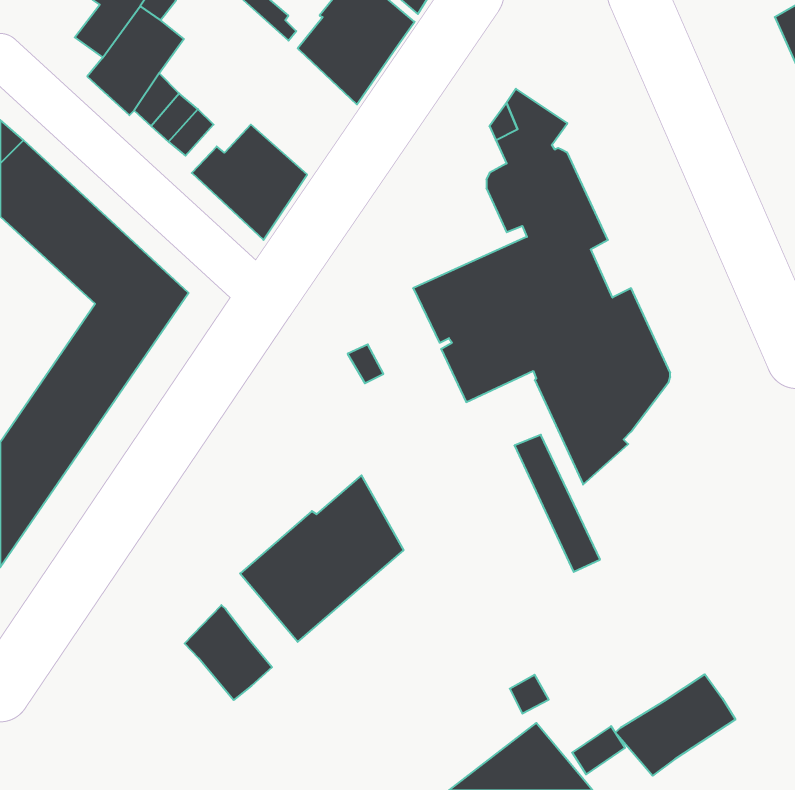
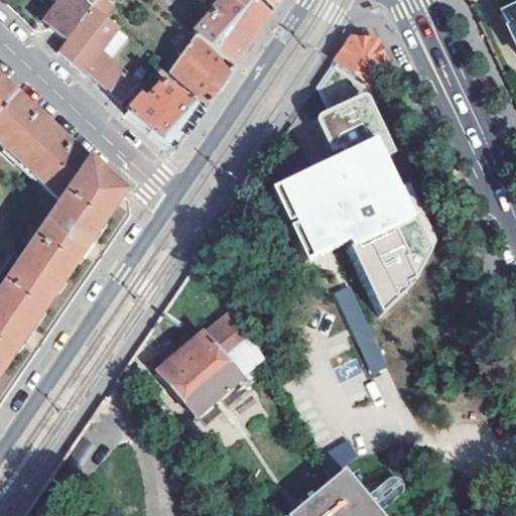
building: none -> [169,32,232,104]
building: none -> [335,35,387,84]
building: [185,605,272,700] -> none
building: [615,674,735,776] -> none

